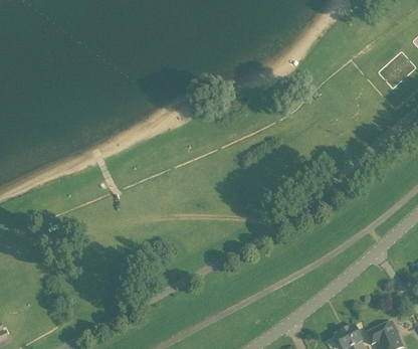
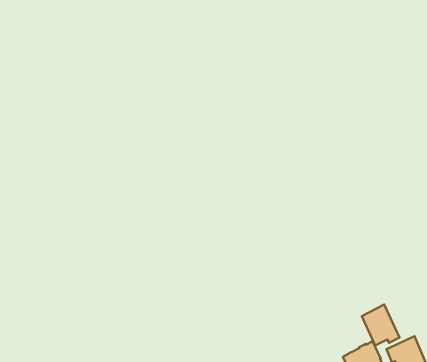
building: none -> [362,304,399,346]

